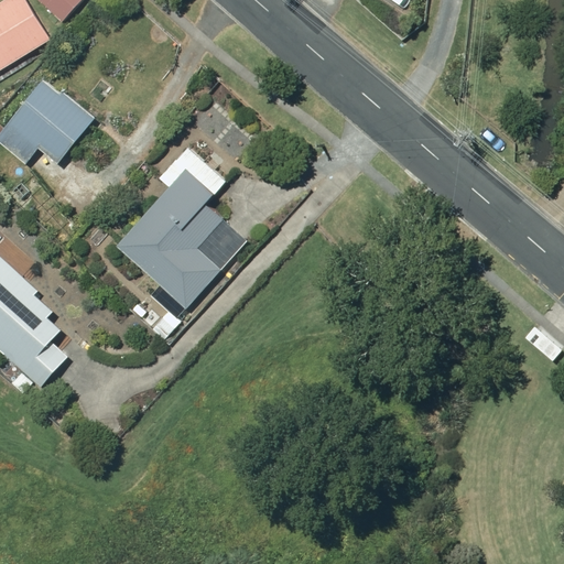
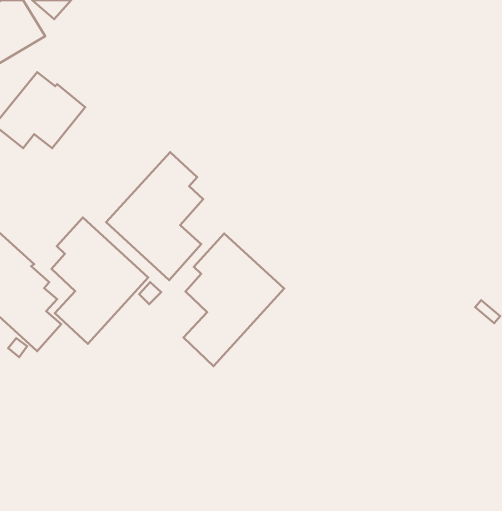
building: none -> [52,217,148,344]
building: none -> [184,233,284,366]

